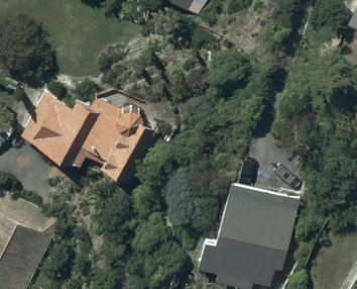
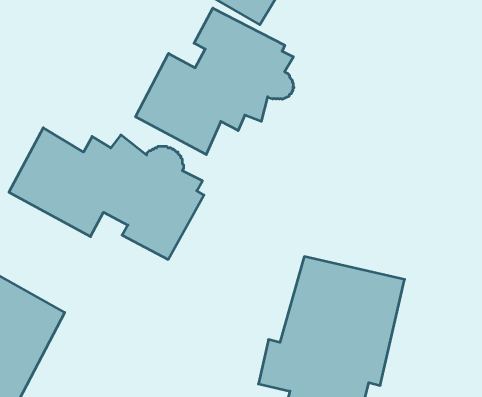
building: none -> [136,8,294,155]

